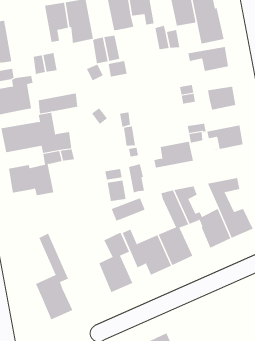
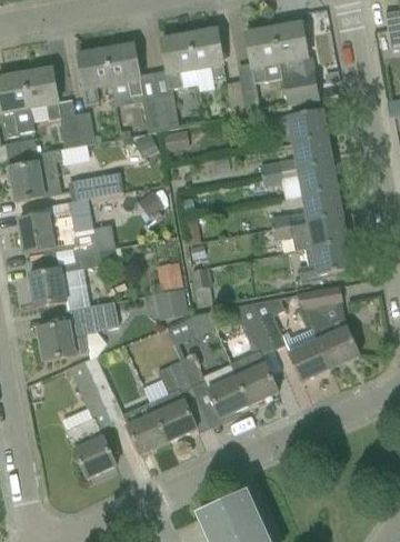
building: none -> [23,68,59,129]
building: none -> [292,136,331,168]
building: none -> [302,188,341,221]
building: [153,141,194,168] -> [297,241,351,278]
building: none -> [38,300,119,360]
building: none -> [82,354,167,453]

